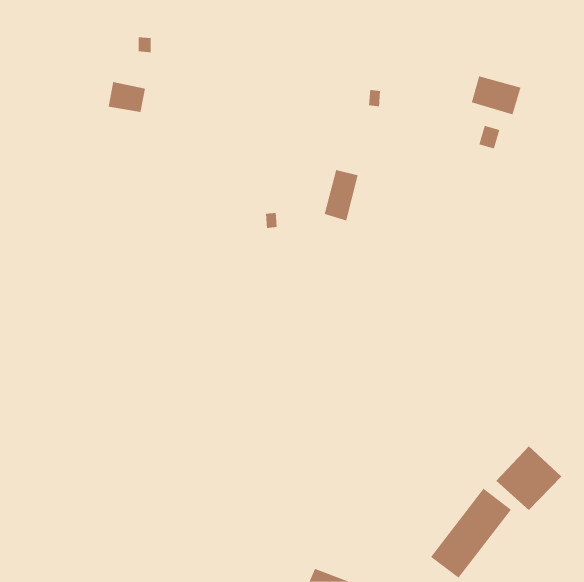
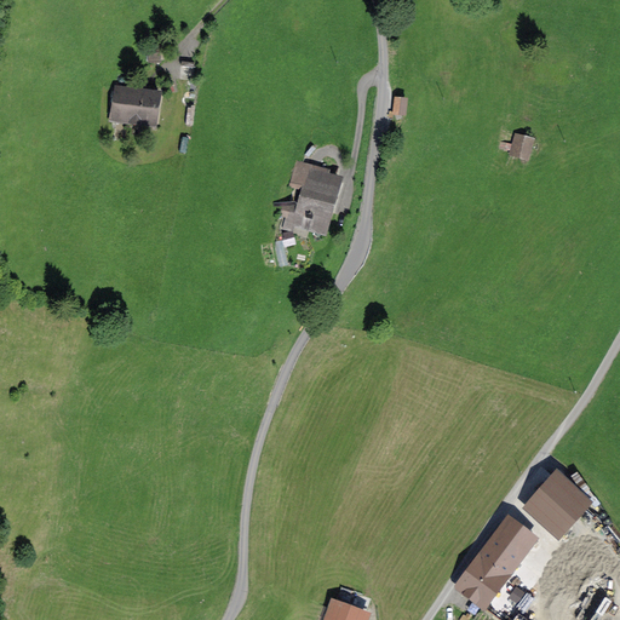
building: [471,76,521,115] -> none
building: [324,169,358,221] -> [294,171,331,225]

